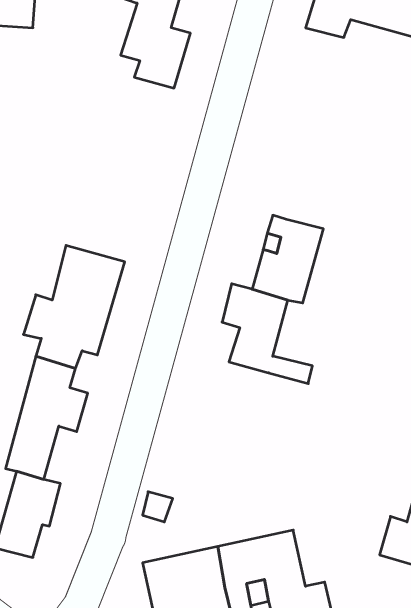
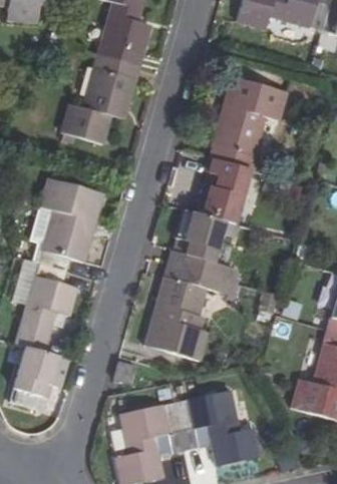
building: none -> [62,58,140,144]
building: none -> [213,75,286,169]
building: none -> [156,267,239,361]

